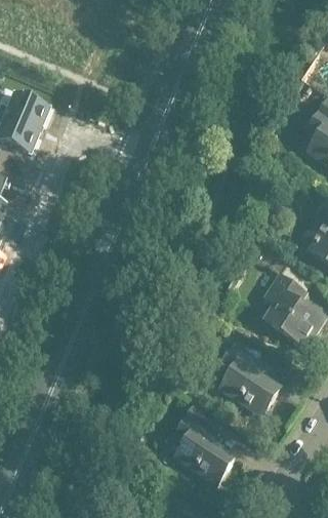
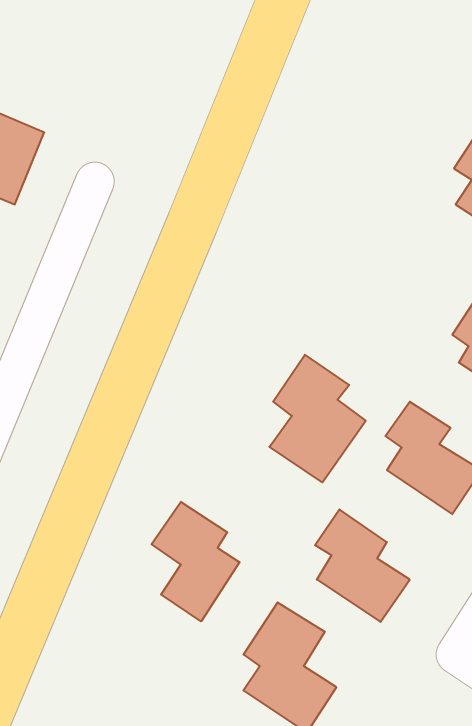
building: none -> [269,355,366,482]
building: none -> [152,502,240,621]

